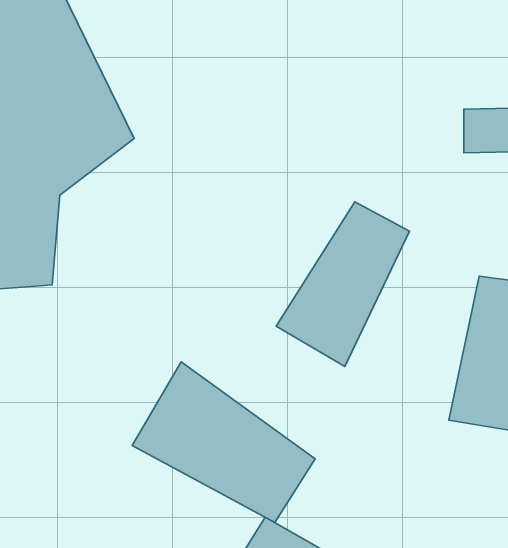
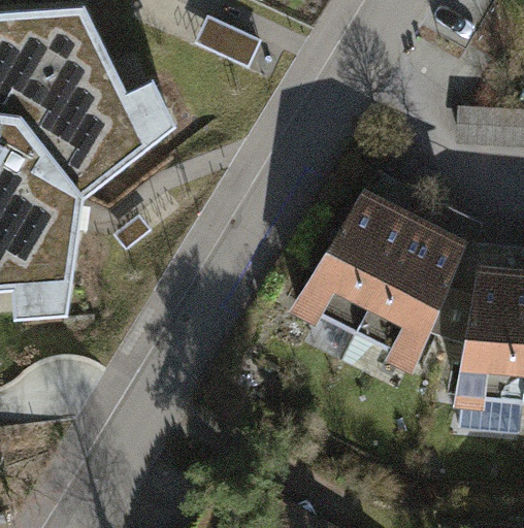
building: none -> [351,225,468,381]
building: [132,362,315,522] -> none

